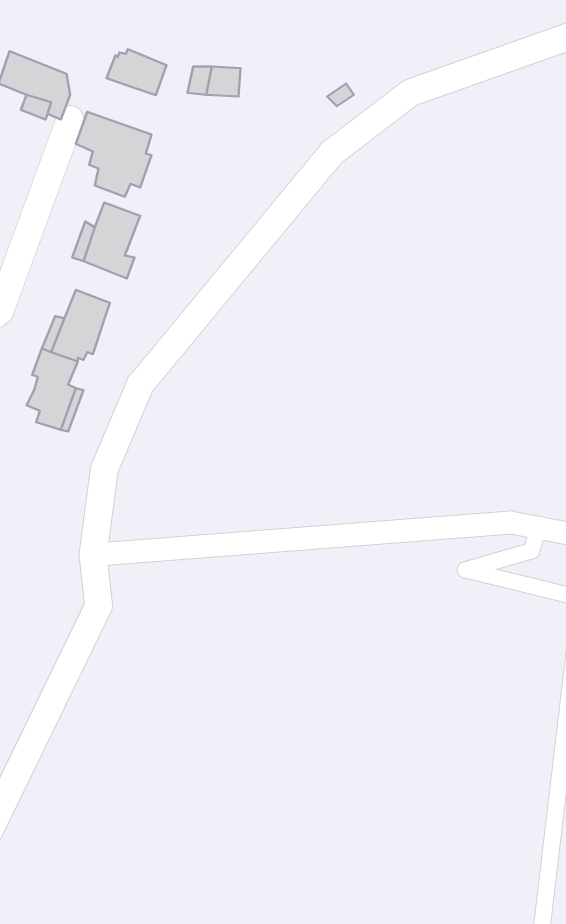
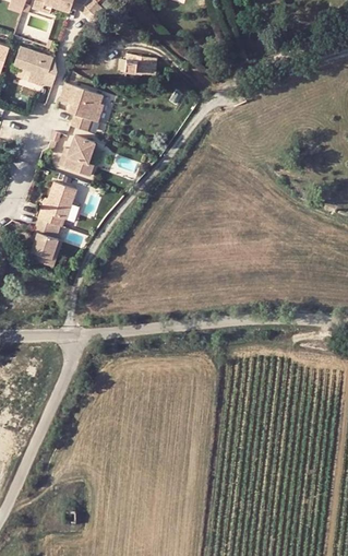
building: [107,49,166,95] -> none

